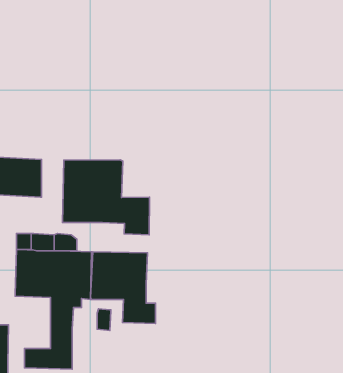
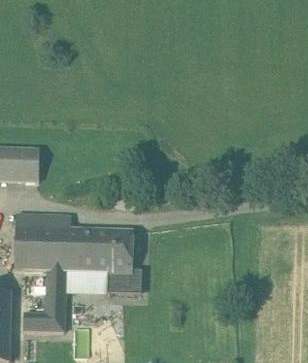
building: [63,160,149,235] -> none

